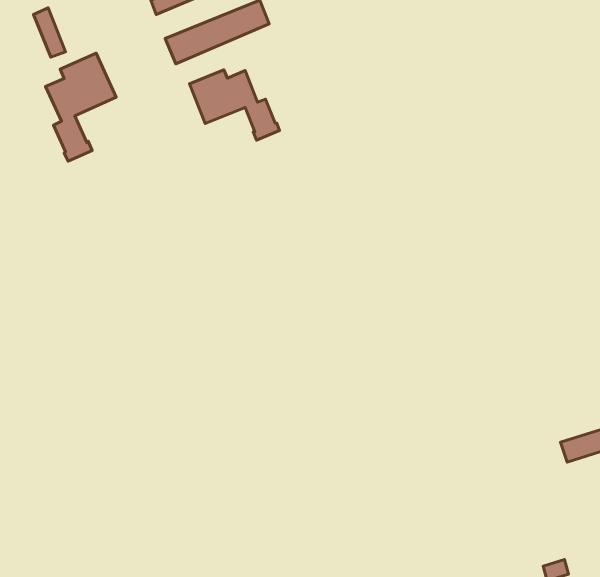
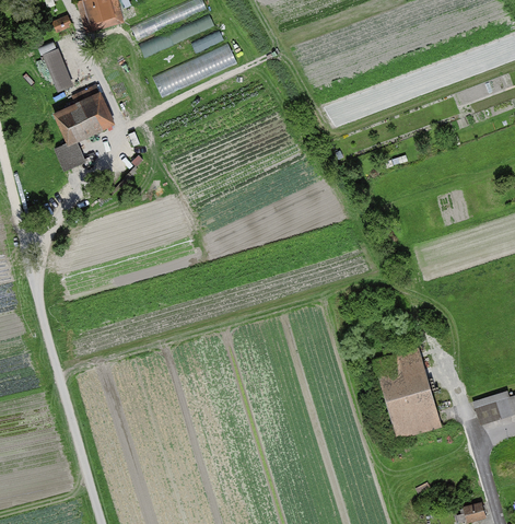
building: [189,70,280,140] -> none
building: none -> [375,350,440,436]

